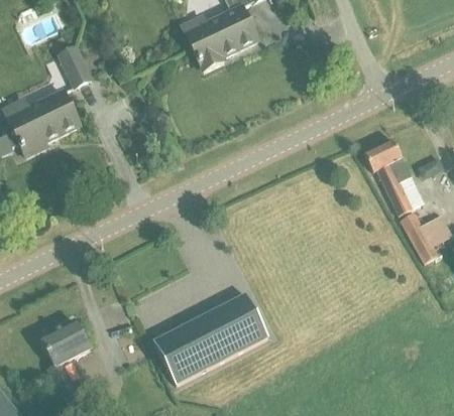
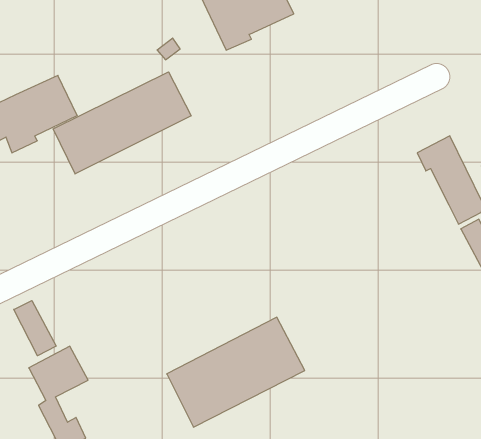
building: [59,45,91,86] -> none
building: none -> [53,72,191,174]
building: none -> [14,301,56,356]

